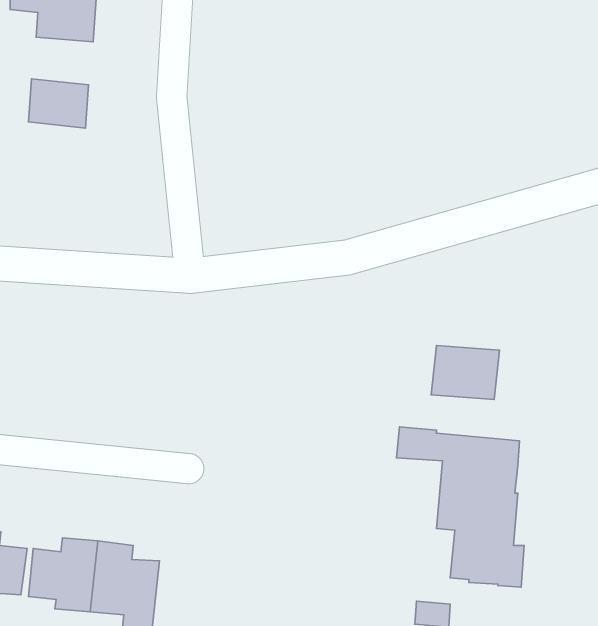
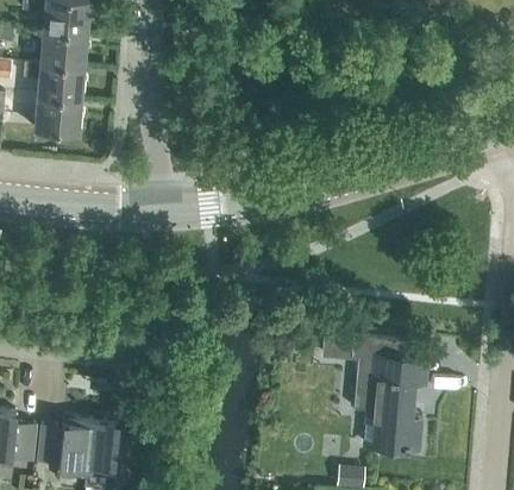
building: none -> [40,32,88,69]
building: none -> [36,98,82,136]
building: [431,345,499,399] -> none

